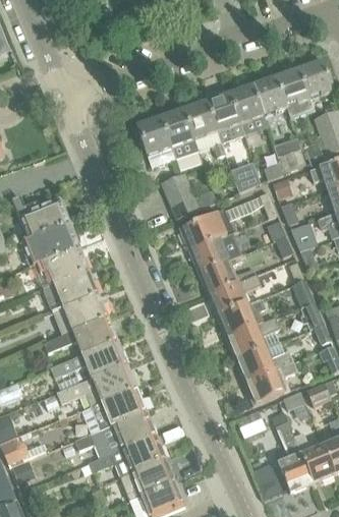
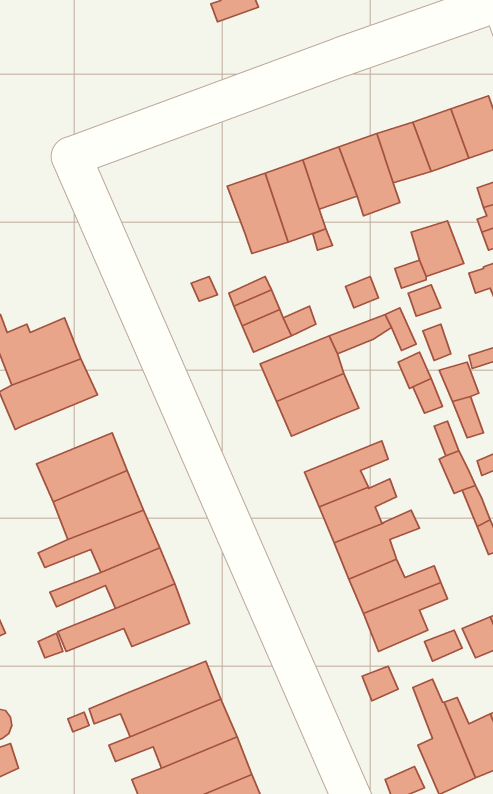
building: [136,116,176,167] -> none
building: [34,245,90,288] -> none
building: [201,258,257,293] -> none
building: [91,387,148,429] -> none

